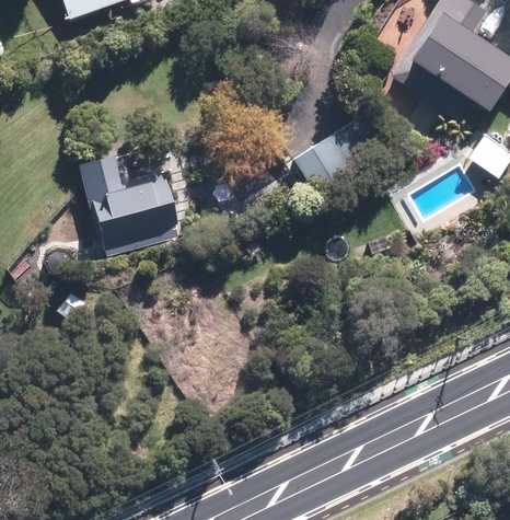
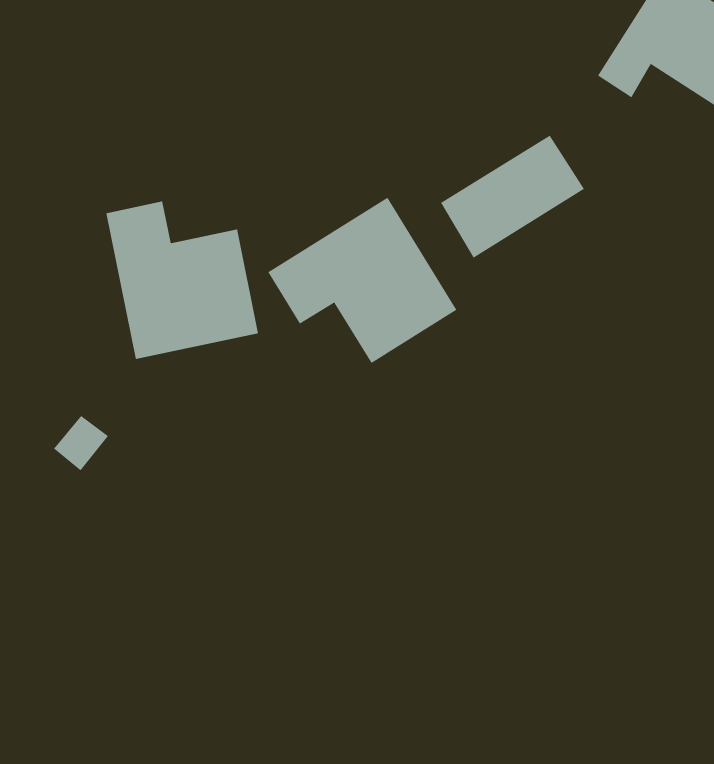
building: none -> [267,197,457,364]

